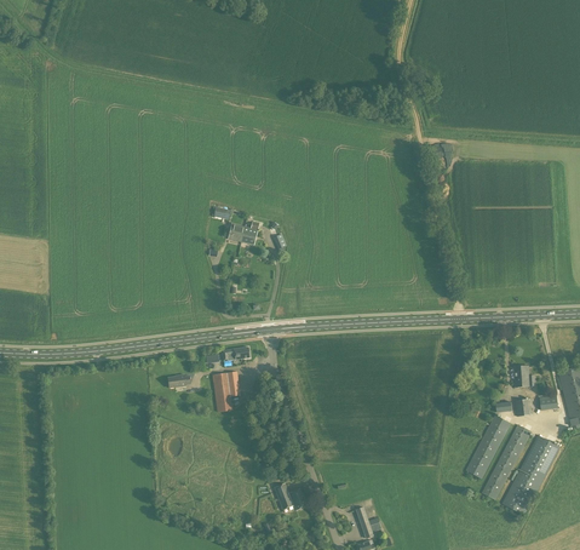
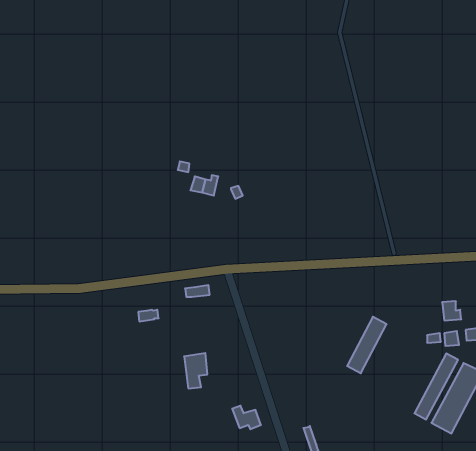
building: [212,371,239,411] -> [184,353,207,388]
building: [465,414,510,479] -> [347,317,387,373]

